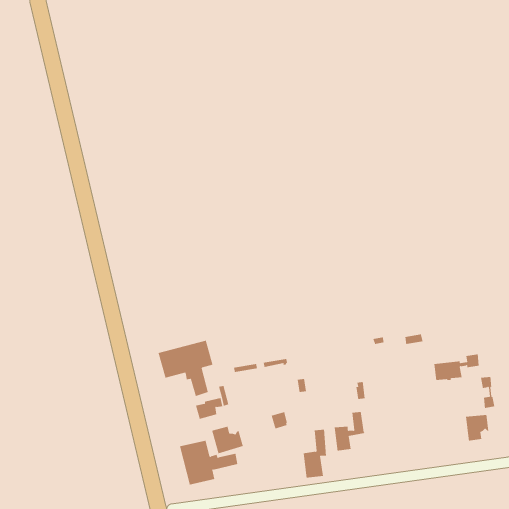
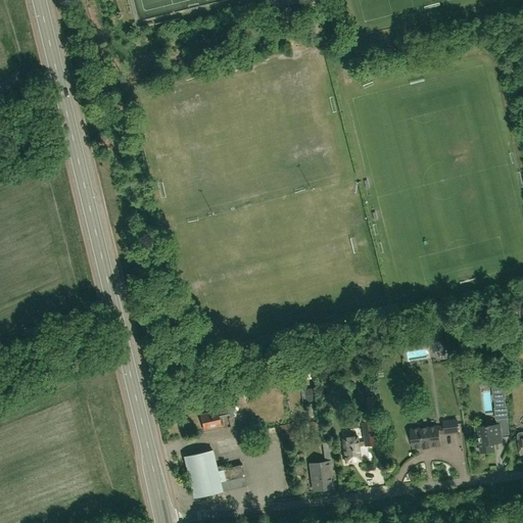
building: [158,340,213,397] -> none
building: [434,354,479,381] -> [411,420,458,447]
building: [212,426,244,454] -> none

